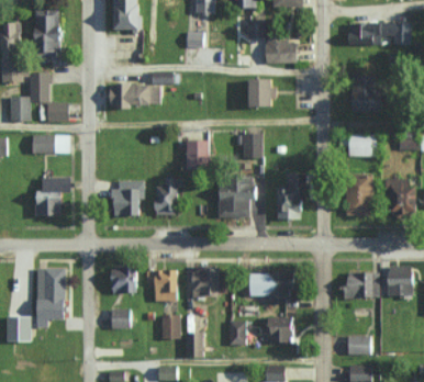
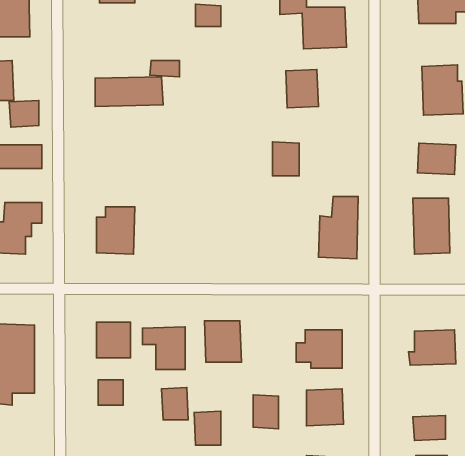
building: [186,141,210,170] -> none
building: [154,179,177,215] -> none
building: [217,179,258,217] -> none

